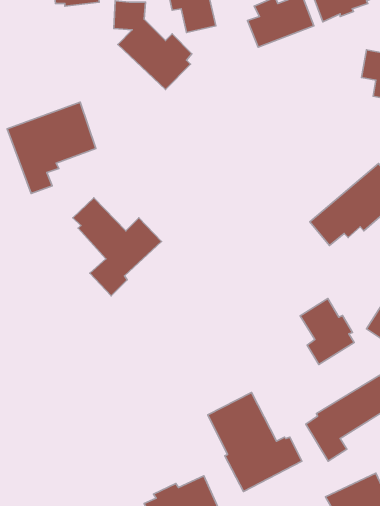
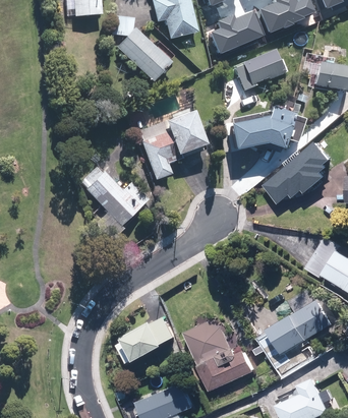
building: none -> [233,52,280,92]
building: [7,102,96,194] -> [134,112,202,182]
building: none -> [225,111,299,154]
building: [300,298,354,364] -> none
building: none -> [116,315,176,363]

